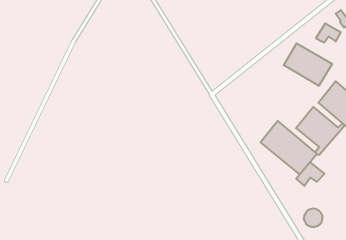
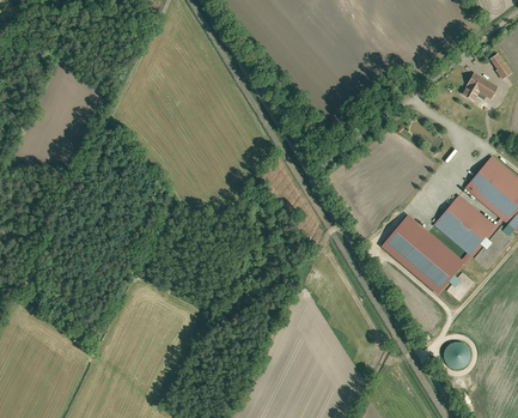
building: [284,43,332,86] -> none
building: [296,162,324,186] -> none

